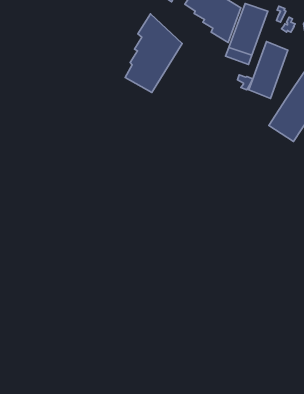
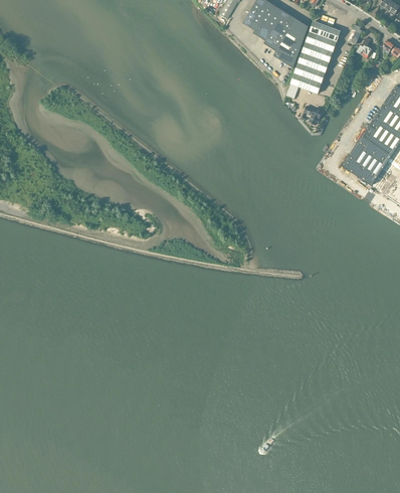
building: [125,14,182,93] -> none
building: [249,41,288,98] -> none

